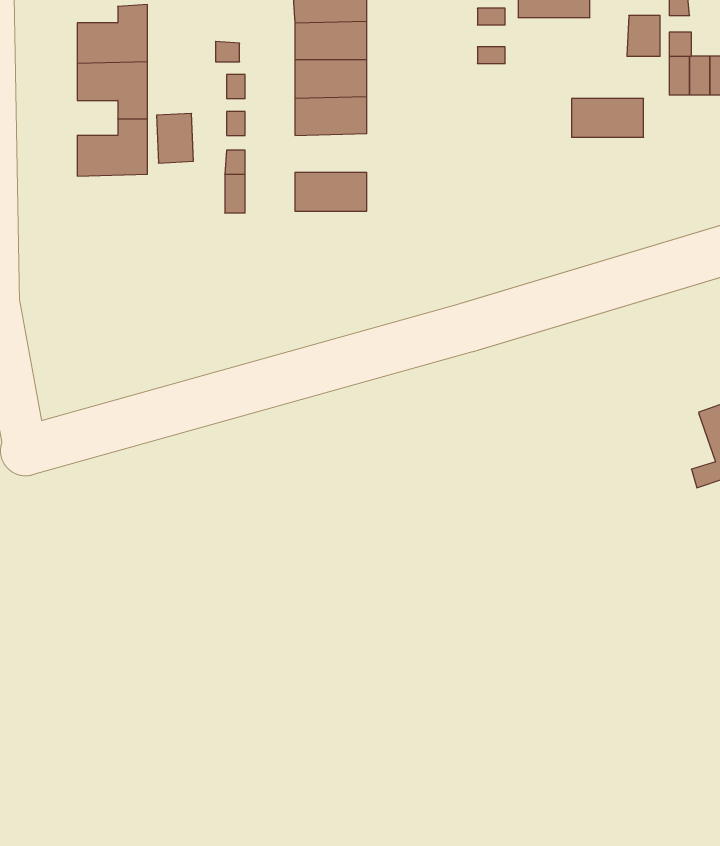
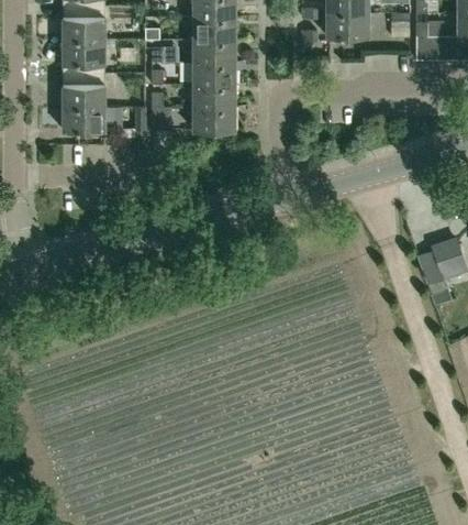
building: [572,99,644,137] -> [325,13,368,36]
building: none -> [192,83,235,106]
building: none -> [63,107,105,131]

